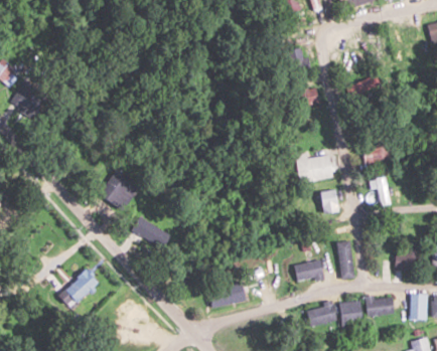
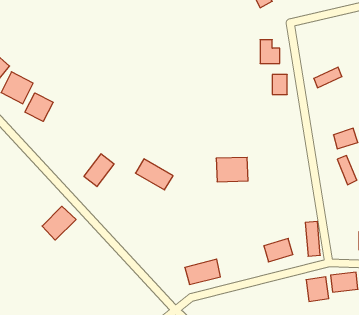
building: none -> [25,93,53,121]
building: [298,155,332,181] -> [216,157,248,182]
building: [319,189,340,214] -> none
building: [132,217,172,250] -> [135,159,173,190]
building: [64,270,101,306] -> [42,206,76,240]
building: [305,304,334,326] -> none

